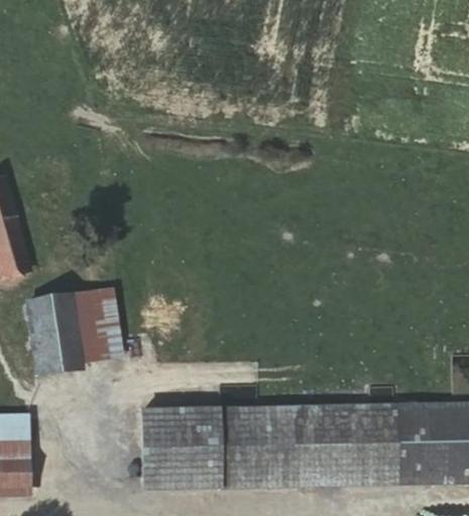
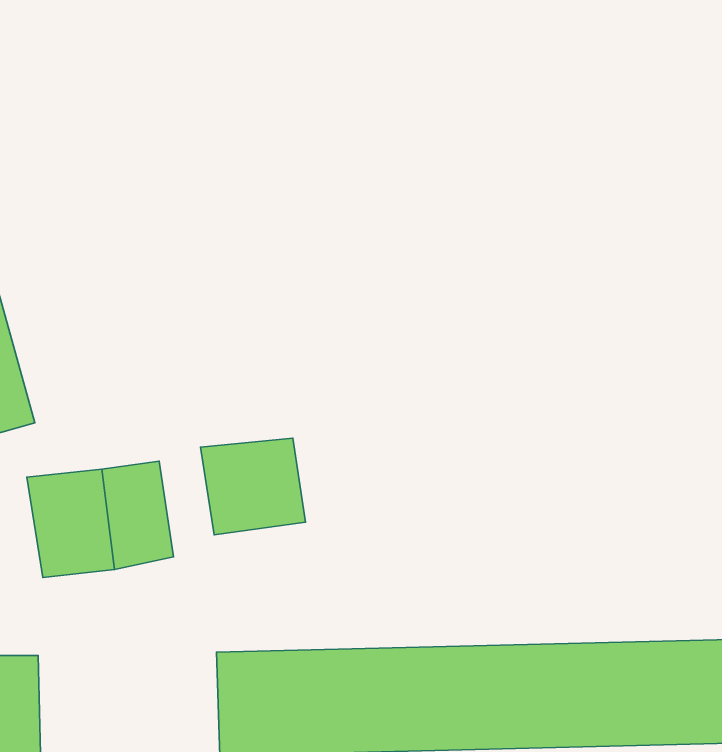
building: none -> [201,438,306,535]

